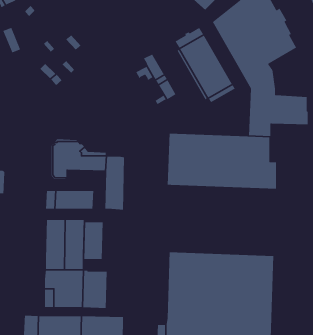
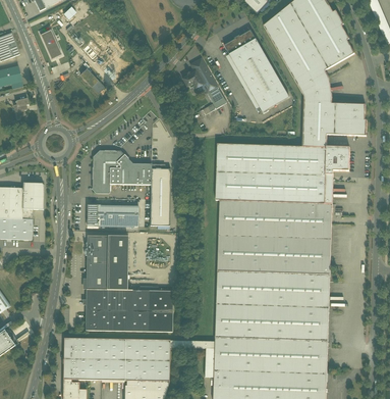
building: none -> [326,146,350,173]
building: none -> [218,199,333,273]
building: [84,221,104,260] -> [152,290,173,331]

